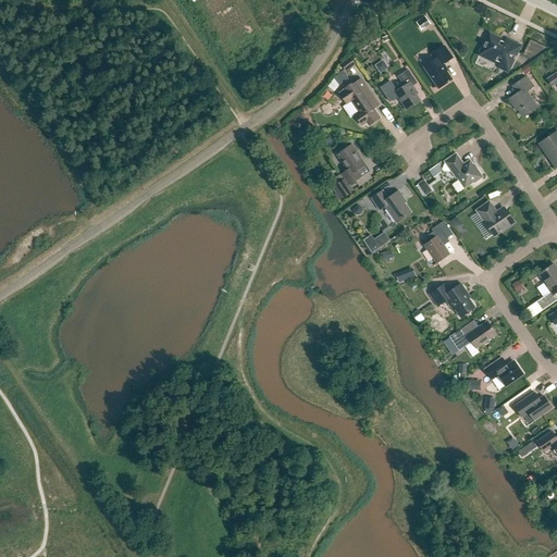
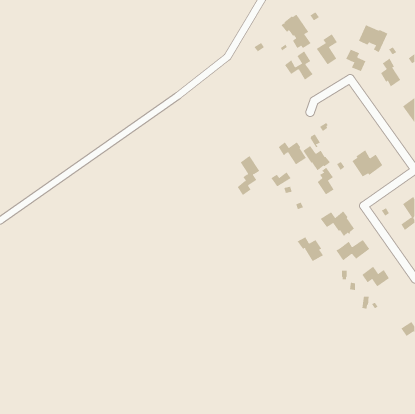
building: none -> [345,49,366,72]
building: [339,77,381,124] -> [281,14,312,49]
building: [333,144,364,198] -> [237,155,260,196]
building: [445,152,483,187] -> [302,145,331,171]
building: none -> [297,236,324,262]
building: [513,391,552,419] -> none

